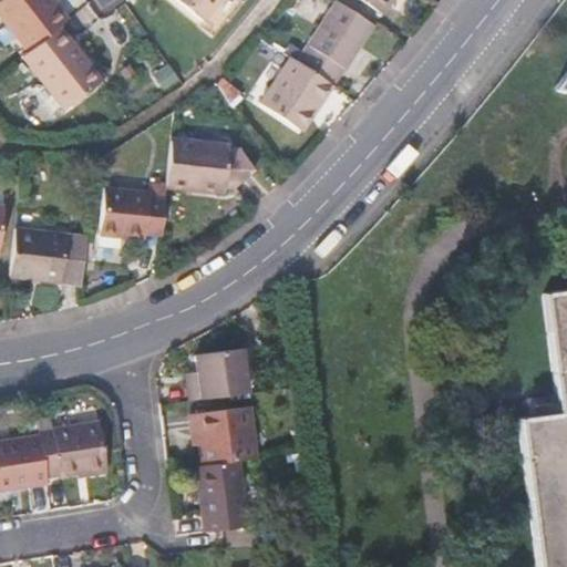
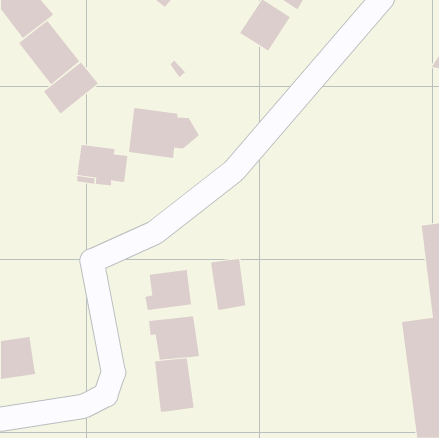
building: [259,55,334,127] -> none
building: none -> [43,61,99,115]
building: [12,228,89,285] -> none
building: none -> [210,258,246,311]
building: [39,421,106,476] -> none

